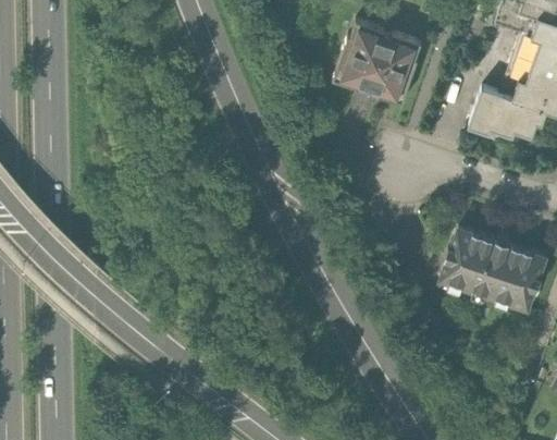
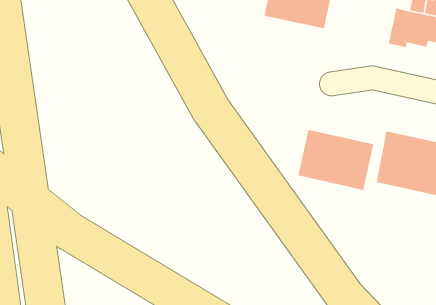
building: none -> [297,129,374,191]

